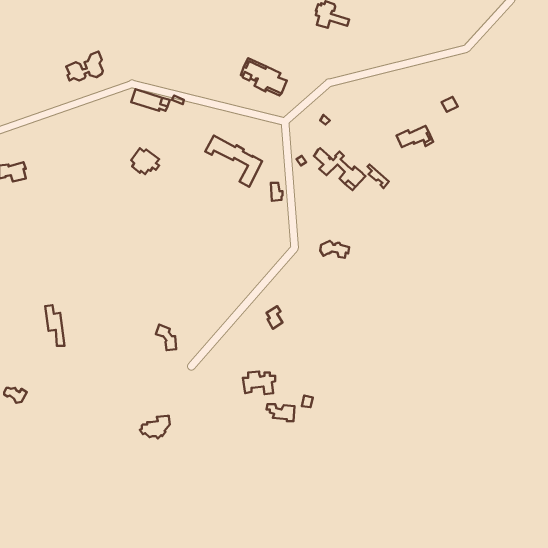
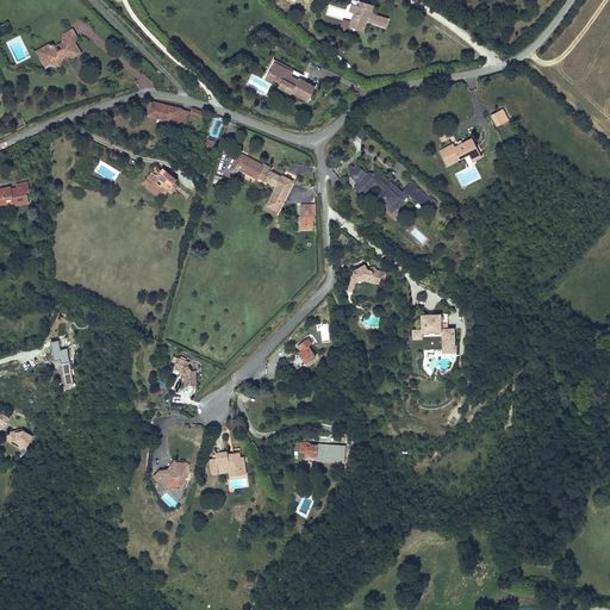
building: [66,51,103,80] -> [41,31,81,63]
building: none -> [412,317,455,353]
building: [243,372,275,394] -> [208,449,244,474]

